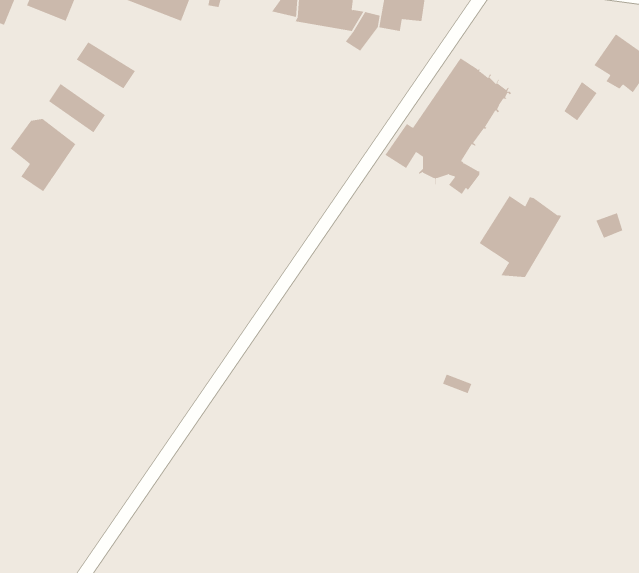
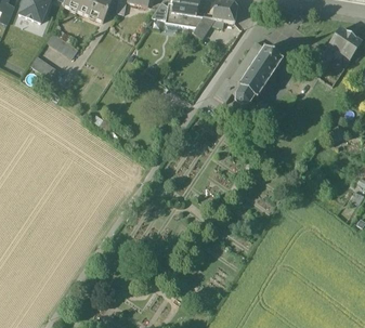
building: [10,118,76,192] -> none
building: [479,195,562,278] -> none

